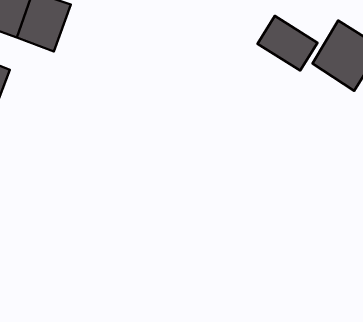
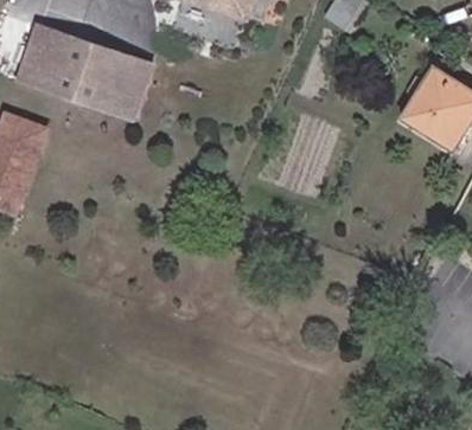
building: none -> [94,50,147,117]
building: [258,16,317,71] -> none

